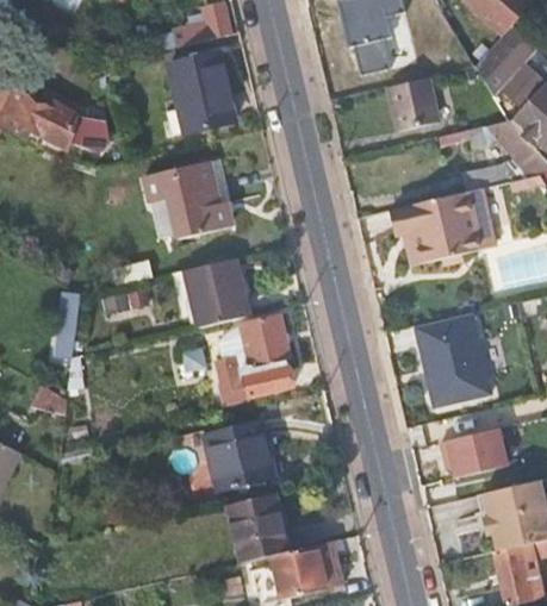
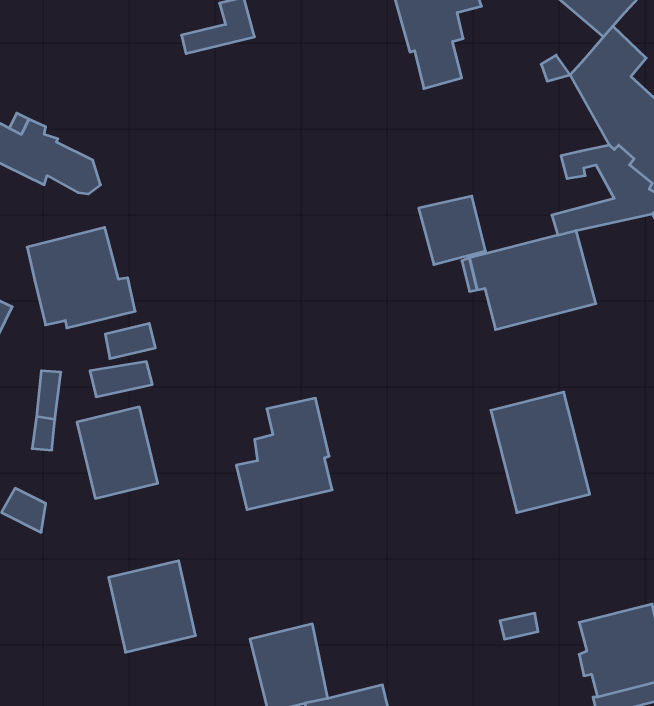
building: [164,55,231,137] -> none
building: [389,77,441,131] -> [419,196,486,265]
building: [145,161,230,239] -> [27,227,135,328]
building: [185,257,248,329] -> [77,407,158,498]
building: [205,421,273,493] -> [109,561,196,652]
building: [441,427,509,476] -> none

